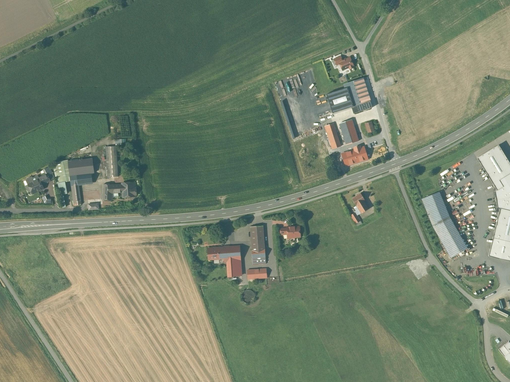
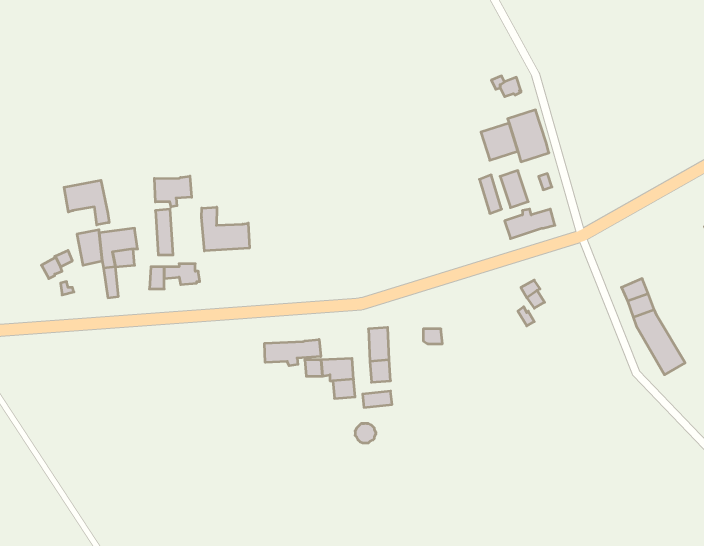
building: none -> [154,176,192,207]
building: none -> [64,180,109,225]
building: none -> [202,207,249,251]
building: none -> [265,339,321,366]

